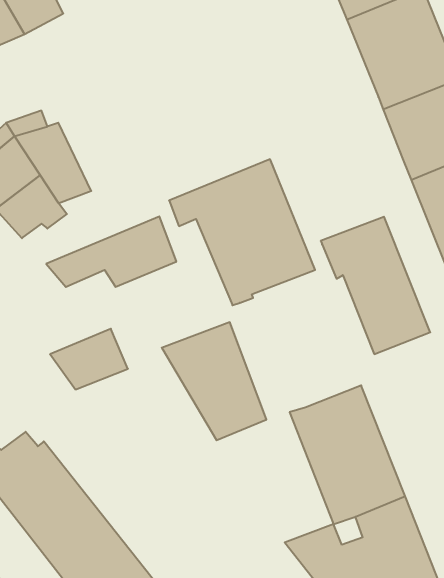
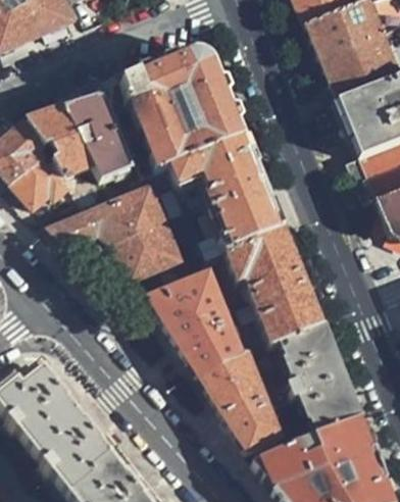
building: none -> [116,50,245,175]
building: none -> [67,95,134,179]
building: [321,217,430,354] -> [230,230,321,345]
building: [50,329,128,389] -> [115,222,181,273]
building: none -> [200,353,282,449]

